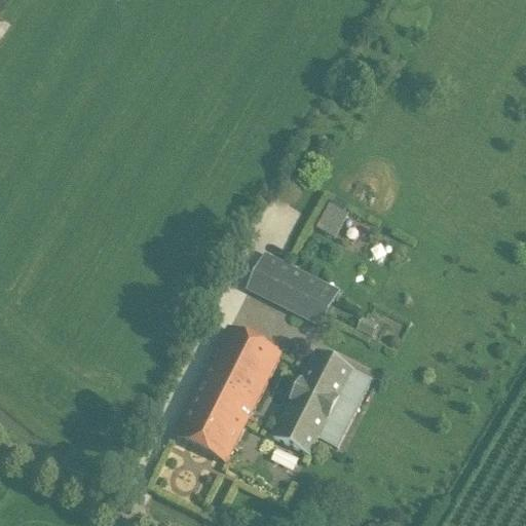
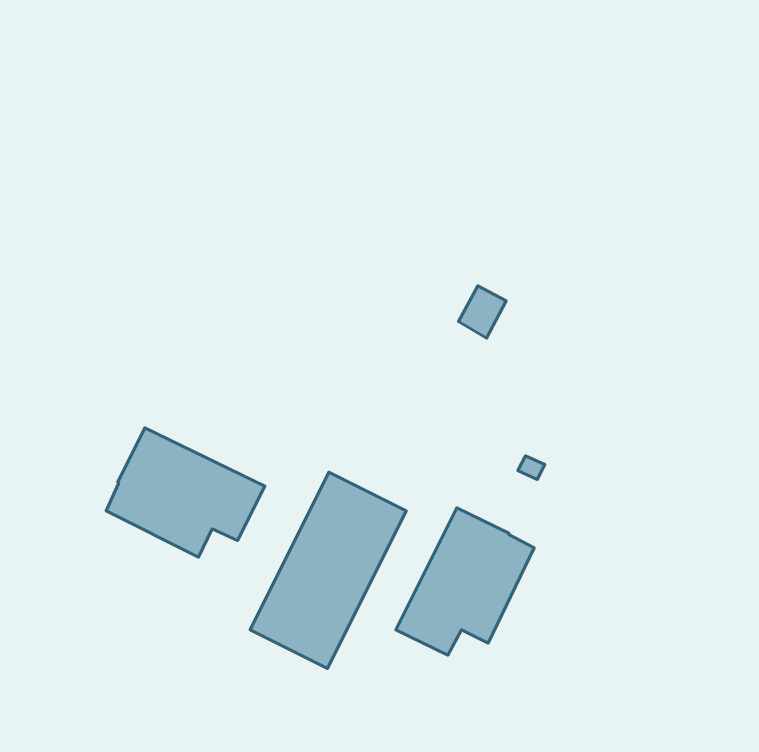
building: [247,252,338,325] -> none
building: none -> [106,428,265,557]

